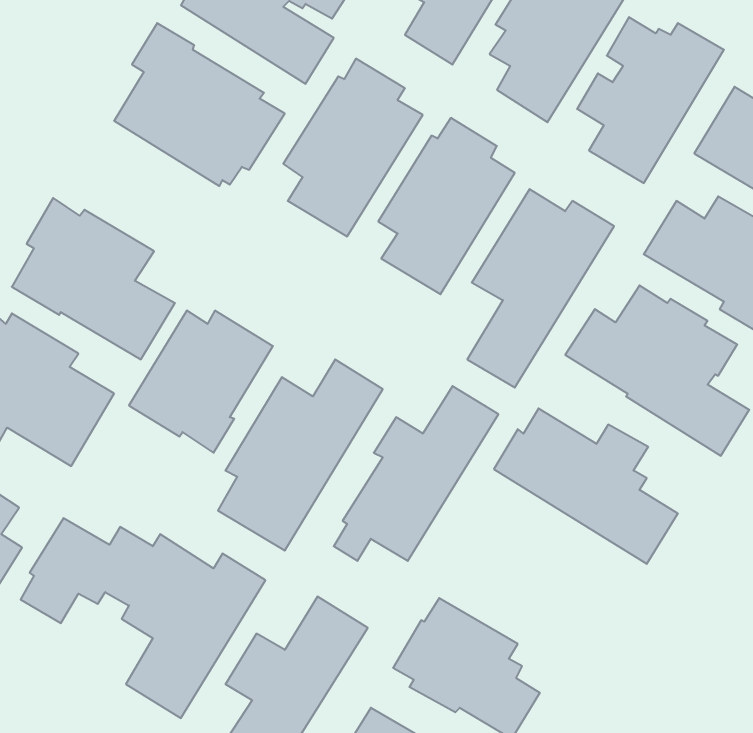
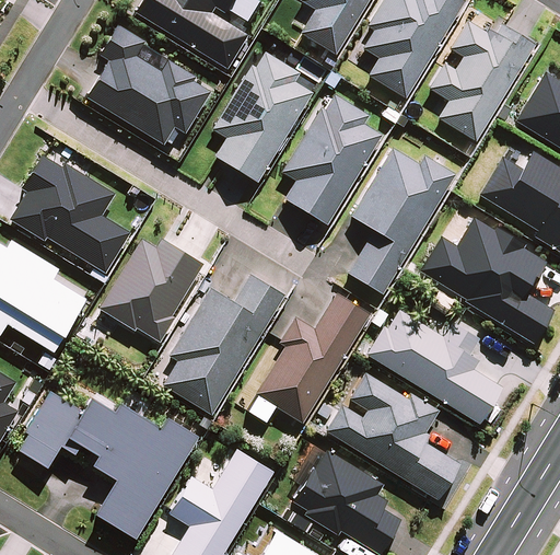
building: none -> [326,372,460,500]

